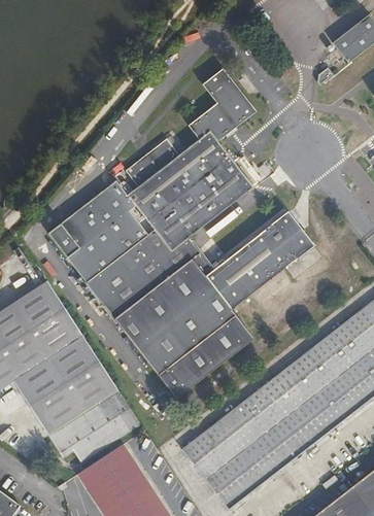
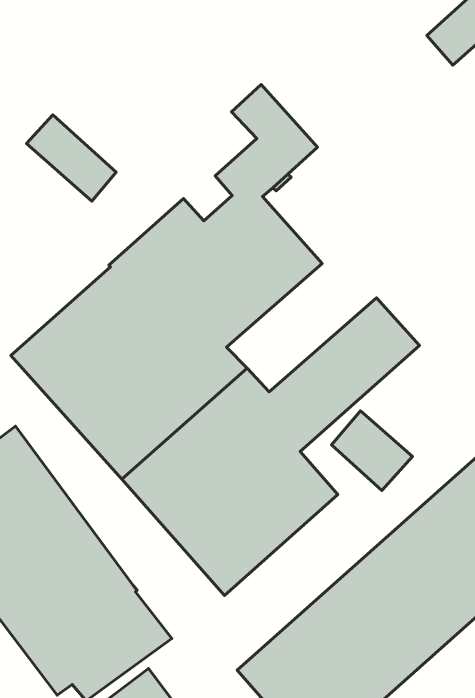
building: none -> [27,115,116,201]
building: none -> [331,411,413,490]

